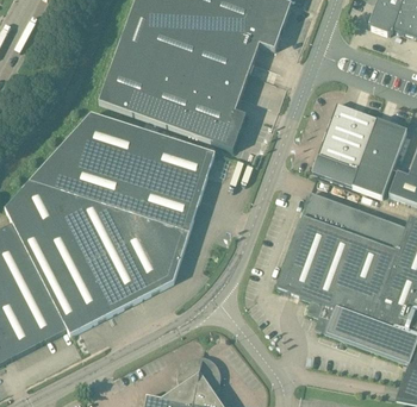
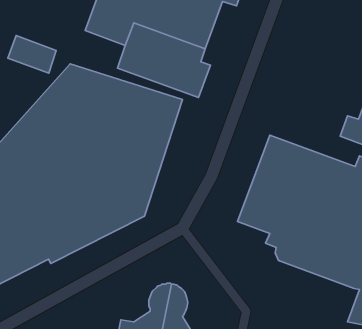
building: [98,76,151,118] -> [8,36,56,73]
building: [311,102,406,196] -> none

